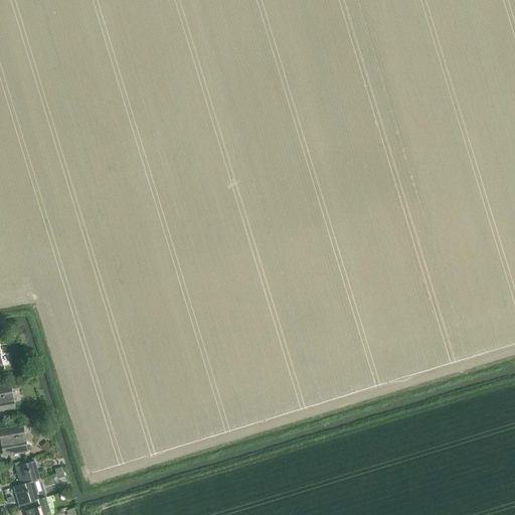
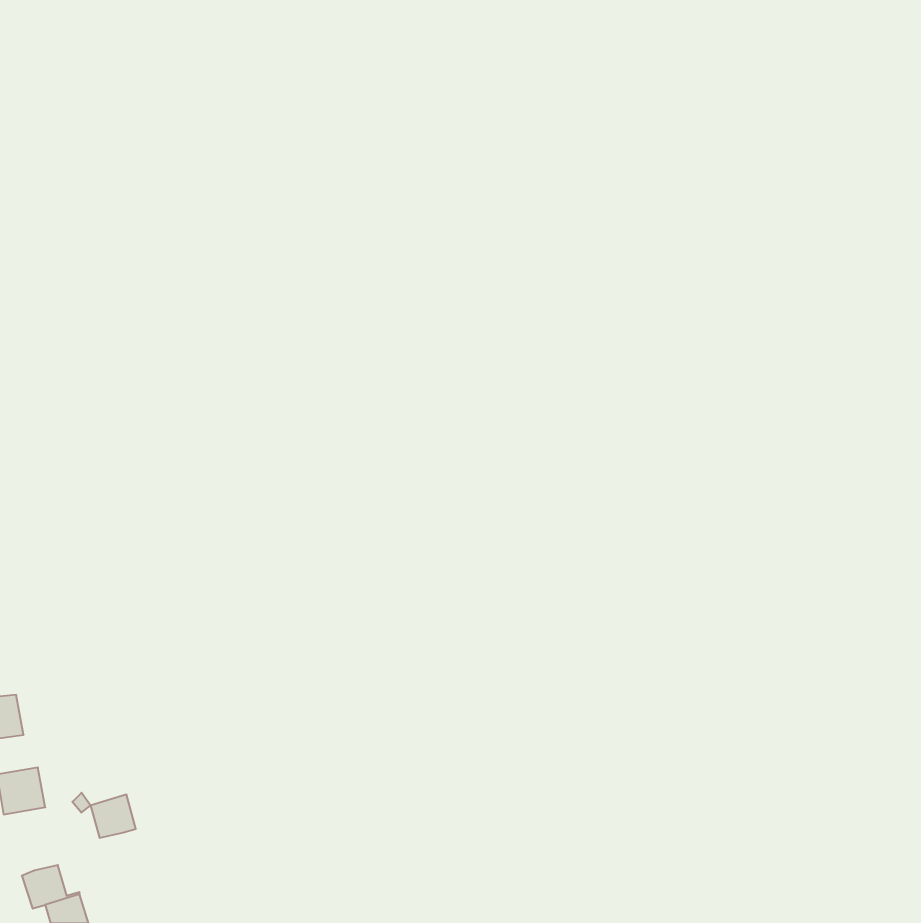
building: [14,460,39,484] -> [90,795,136,838]

